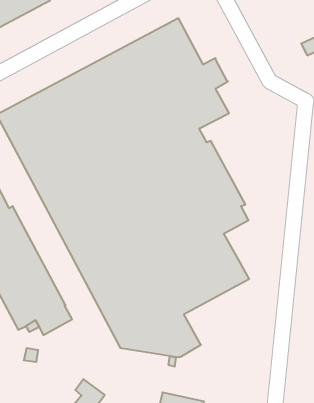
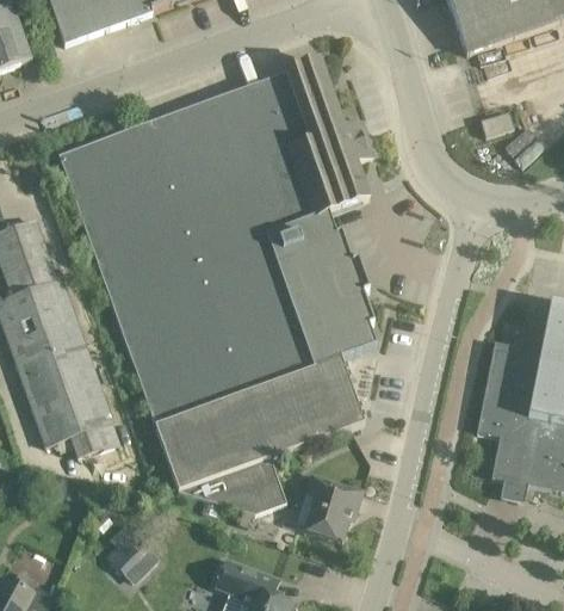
building: none -> [296,474,362,539]

